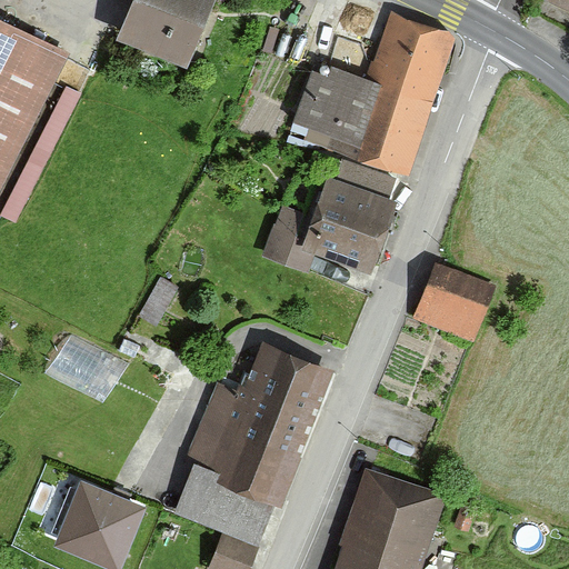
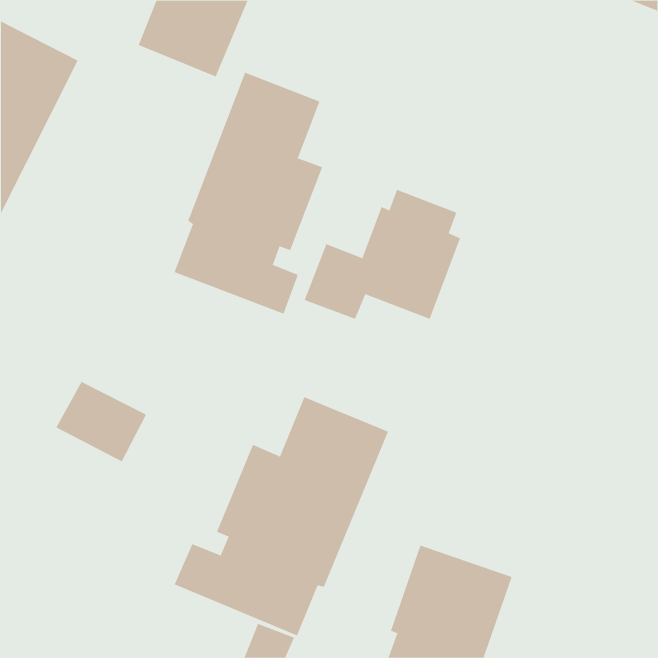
building: [288,16,455,180] -> none
building: none -> [174,72,323,315]
building: [412,266,493,345] -> none
building: [56,468,150,563] -> none

